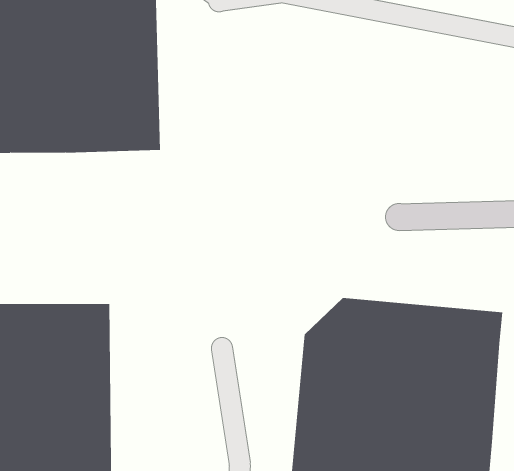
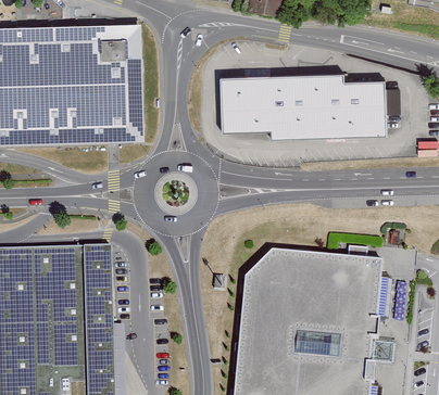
building: none -> [214,75,380,140]

